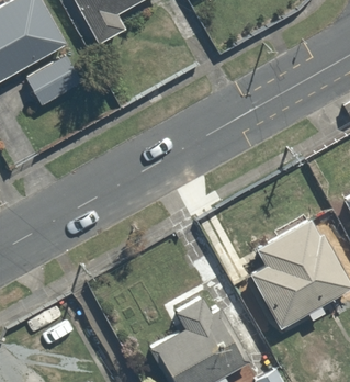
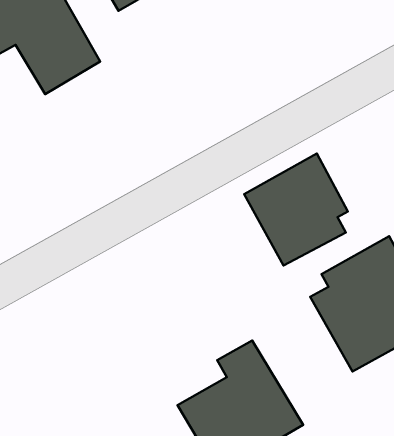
building: none -> [244,154,348,266]

